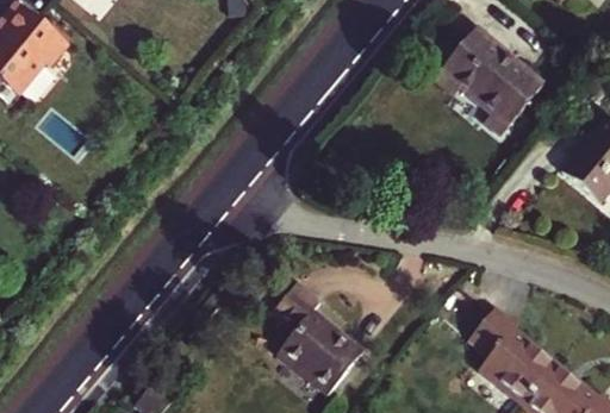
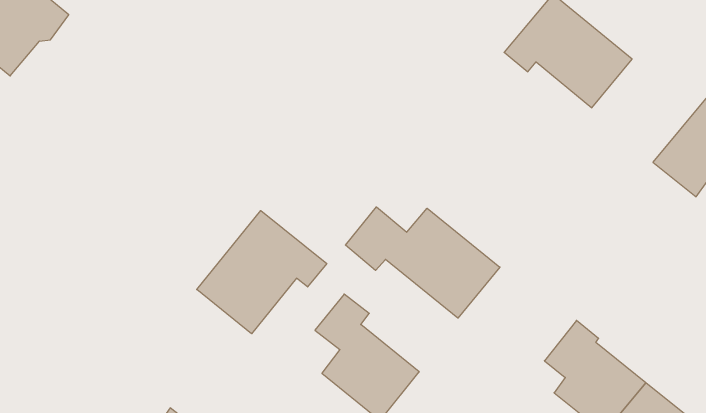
building: none -> [345,207,500,318]
building: none -> [197,211,327,334]

